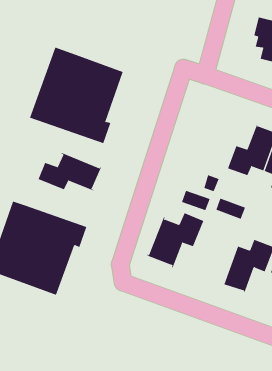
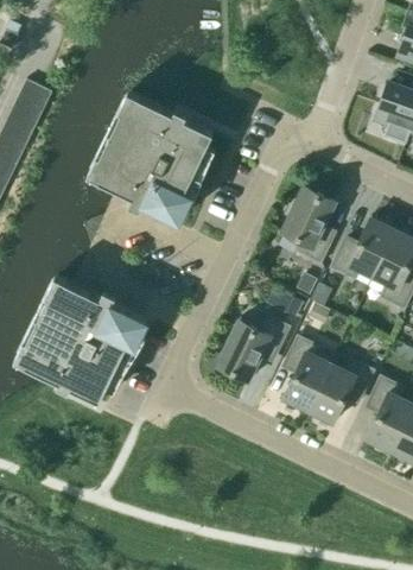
building: none -> [280,184,335,262]
building: [38,152,101,191] -> none
building: none -> [282,335,330,410]

